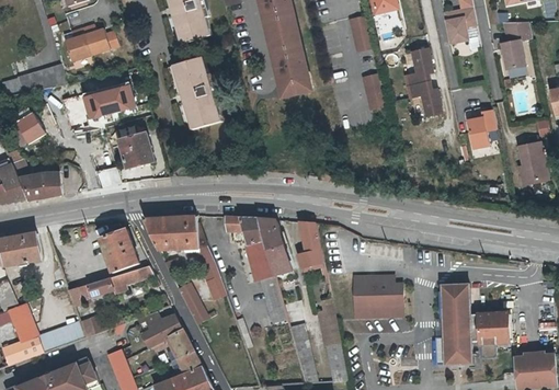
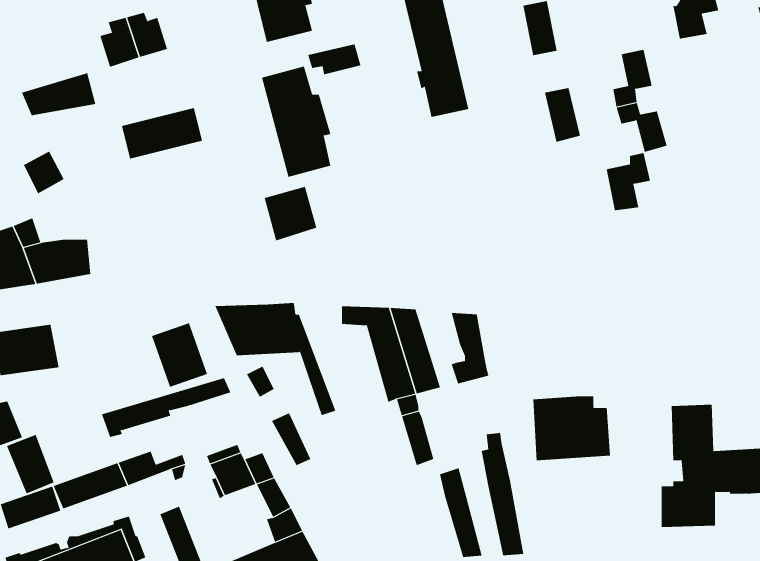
building: none -> [308,44,361,75]
building: [466,110,495,148] -> [606,152,651,211]
building: [117,136,152,172] -> [264,186,317,241]

